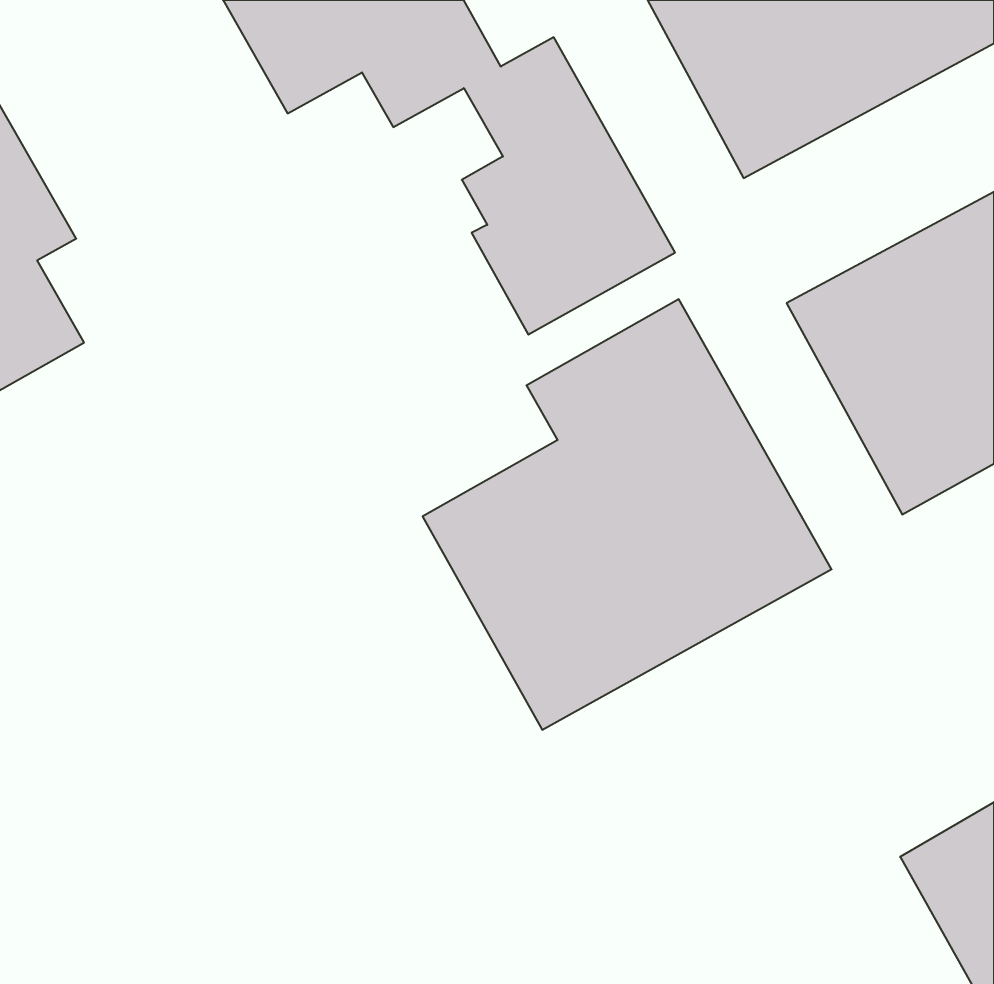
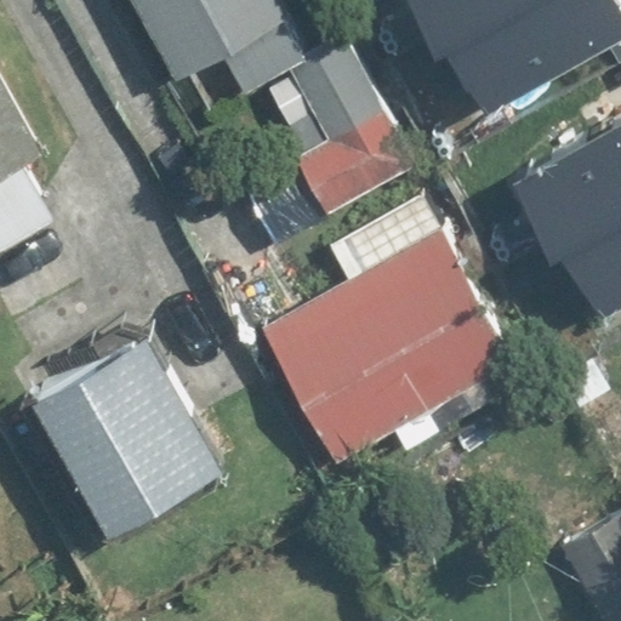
building: none -> [34,326,224,528]

